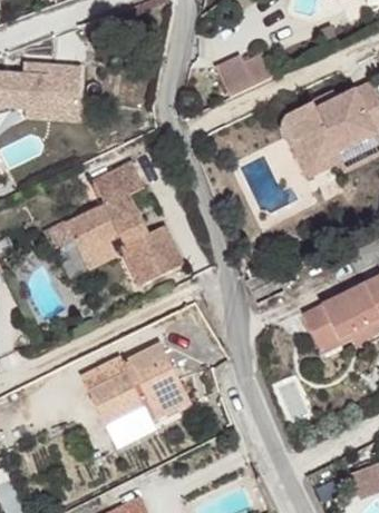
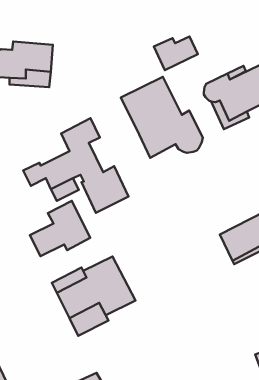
building: none -> [121,77,203,158]
building: none -> [30,201,90,256]

